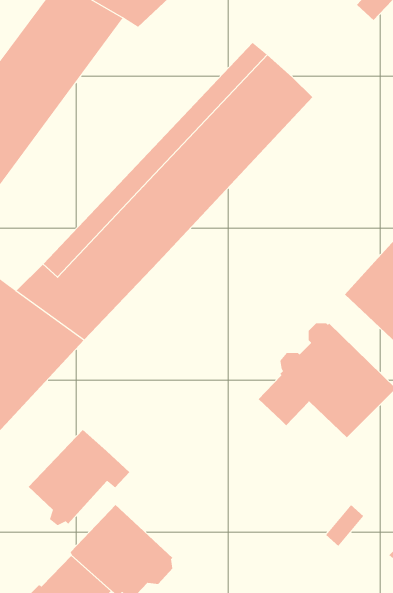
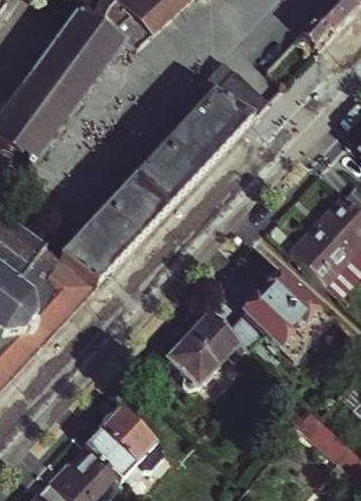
building: [28,429,130,526] -> [166,314,243,386]

